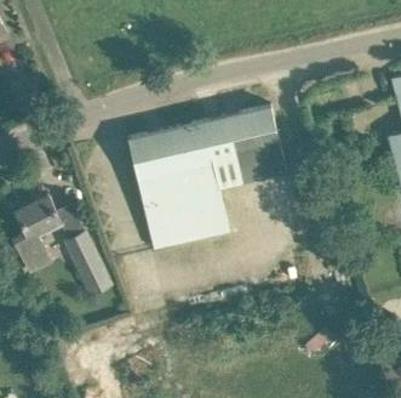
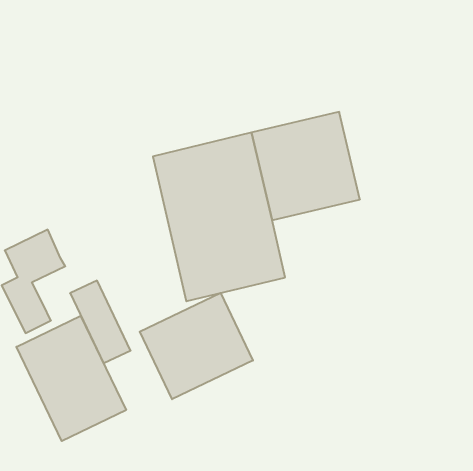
building: none -> [140,293,253,399]
building: none -> [16,316,126,441]

